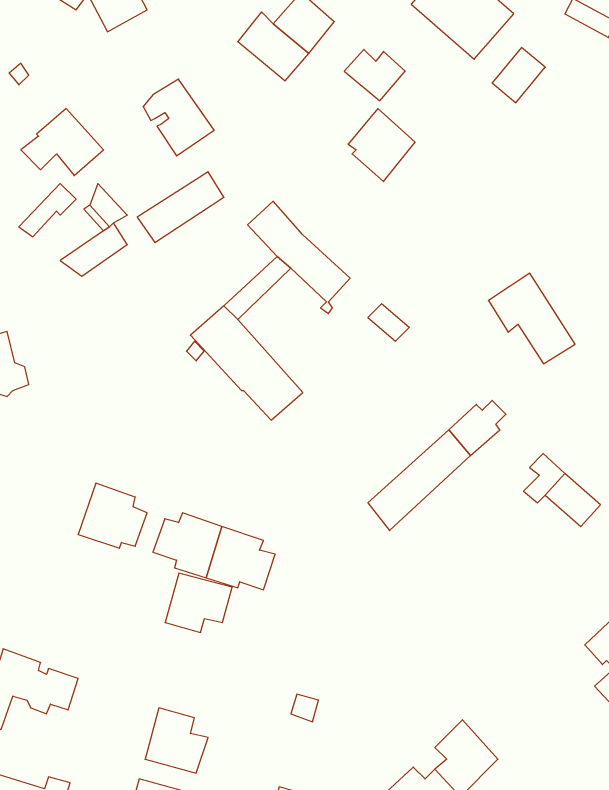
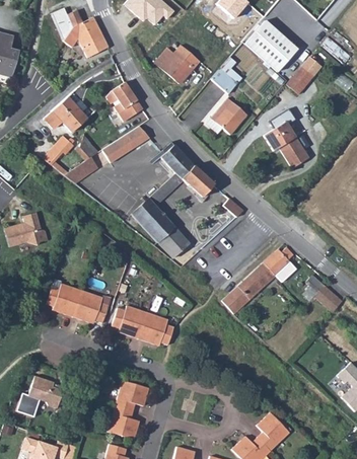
building: [488,273,575,364] -> [264,122,308,168]
building: none -> [46,283,82,316]
building: [165,573,232,632] -> [115,380,149,410]

